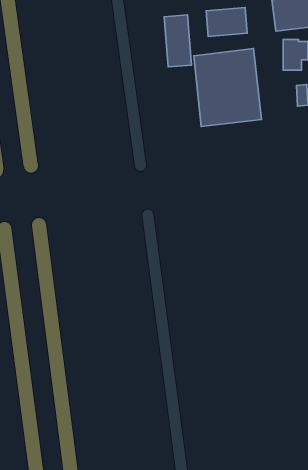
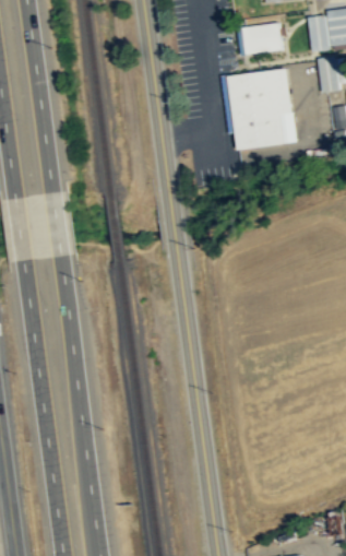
building: [164,15,192,67] -> none

